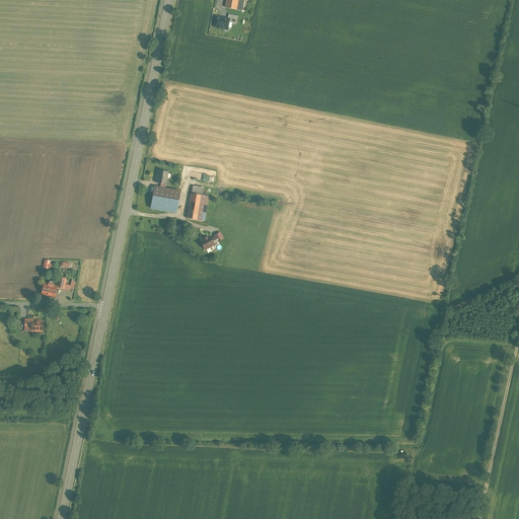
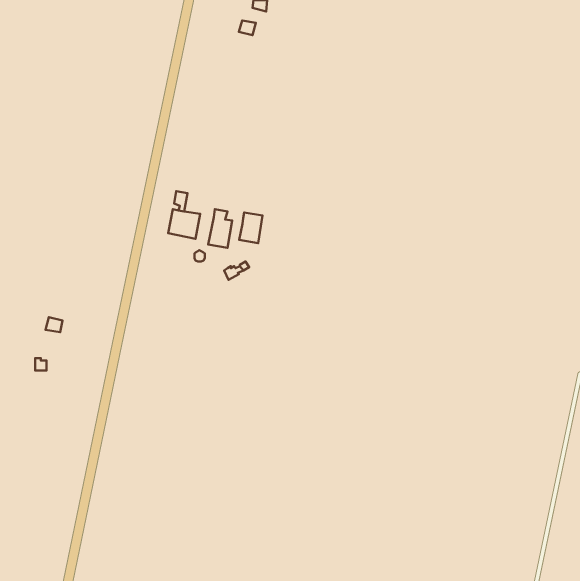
building: none -> [239,212,262,243]

